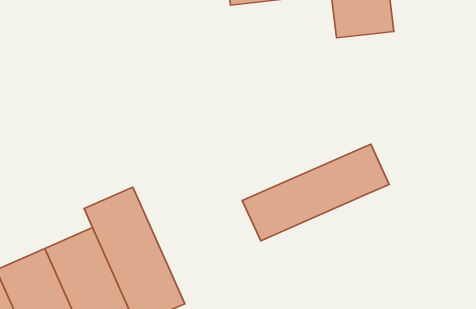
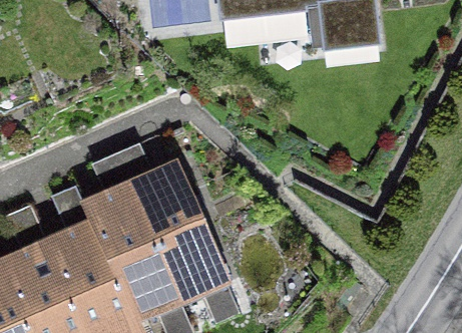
building: [242,144,389,241] -> none
building: none -> [131,166,226,298]

